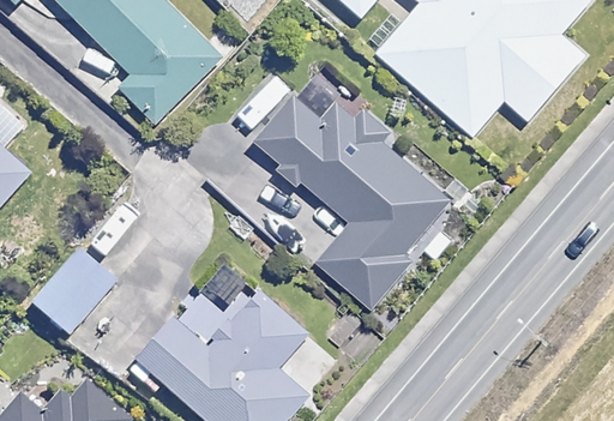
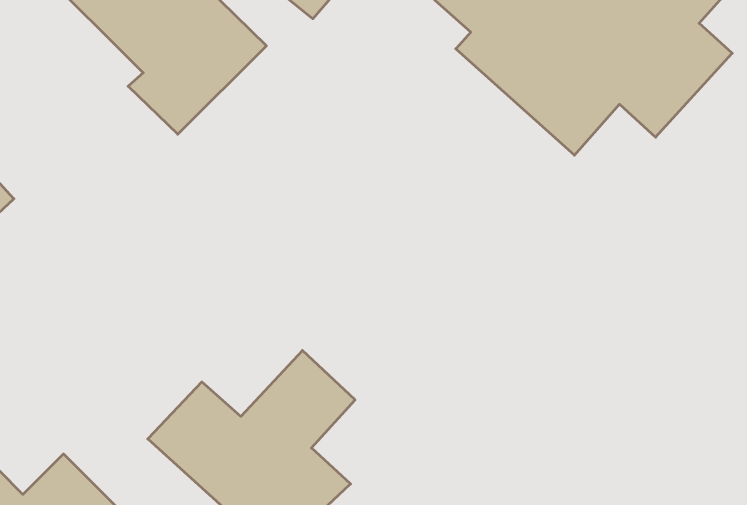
building: [254,84,439,302] -> none
building: [19,241,112,336] -> none

